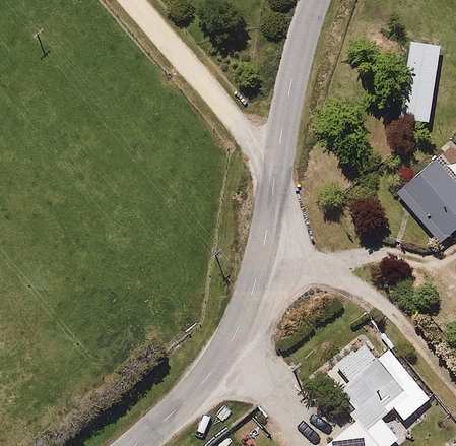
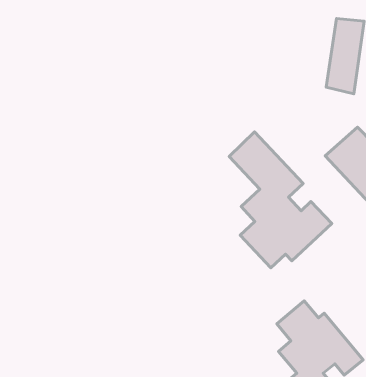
building: none -> [229,132,332,268]

